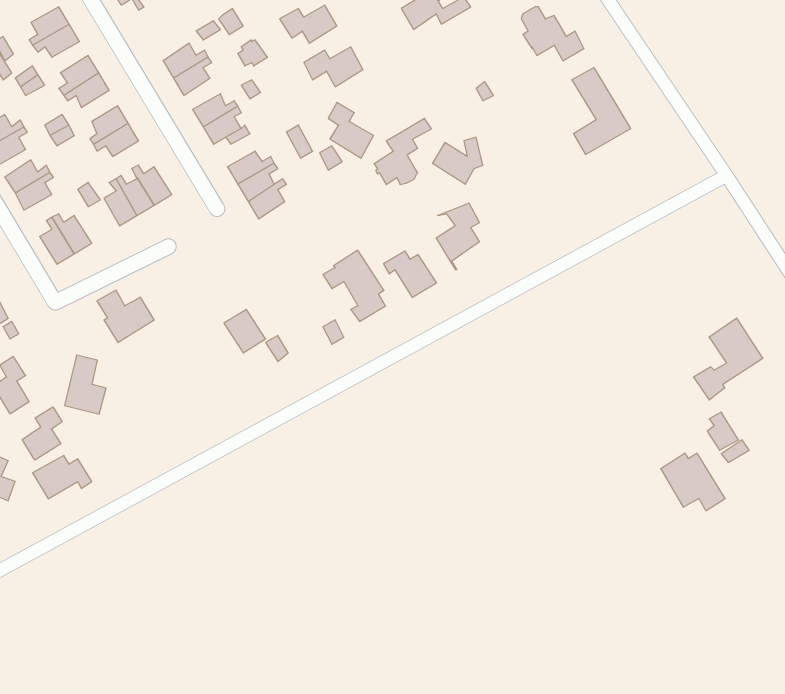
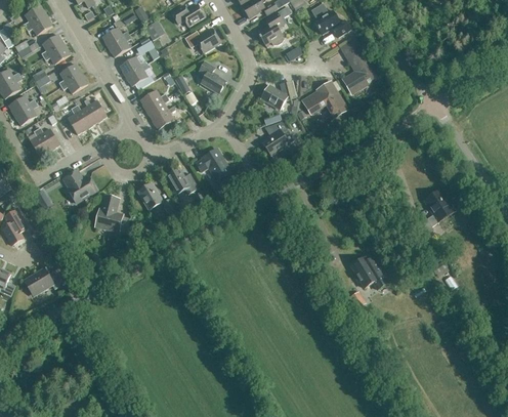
building: [374,118,431,185] -> [257,6,291,45]
building: none -> [302,82,344,115]
building: [384,251,436,298] -> none
building: none -> [166,168,198,194]
building: [64,355,106,414] -> [97,196,122,231]
building: [22,407,62,460] -> none
building: [661,453,725,511] -> [350,256,388,290]

